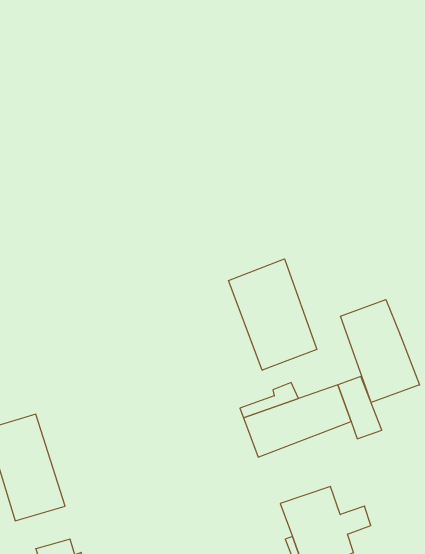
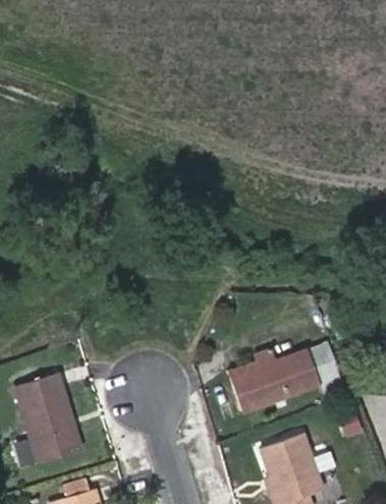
building: [229,259,317,370] -> none
building: [340,300,420,403] -> none

